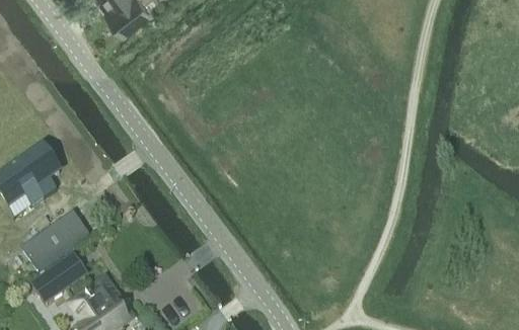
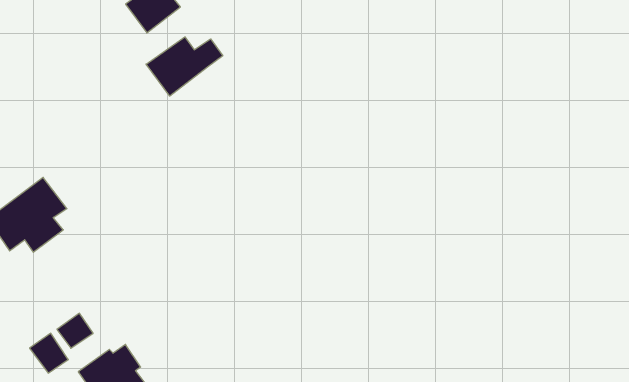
building: none -> [146,37,223,96]
building: [21,216,87,271] -> none

